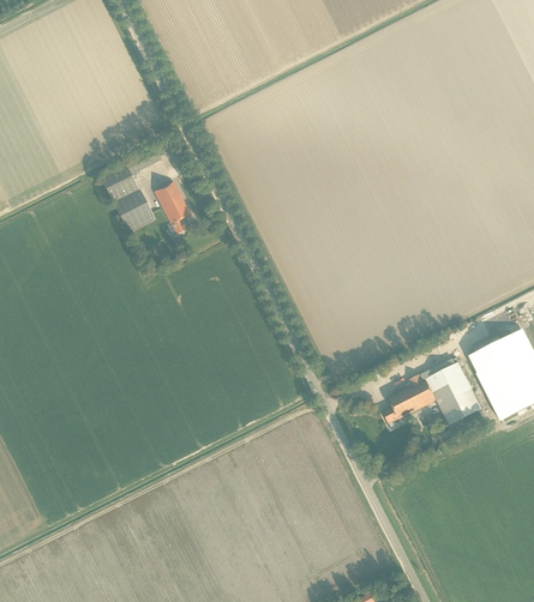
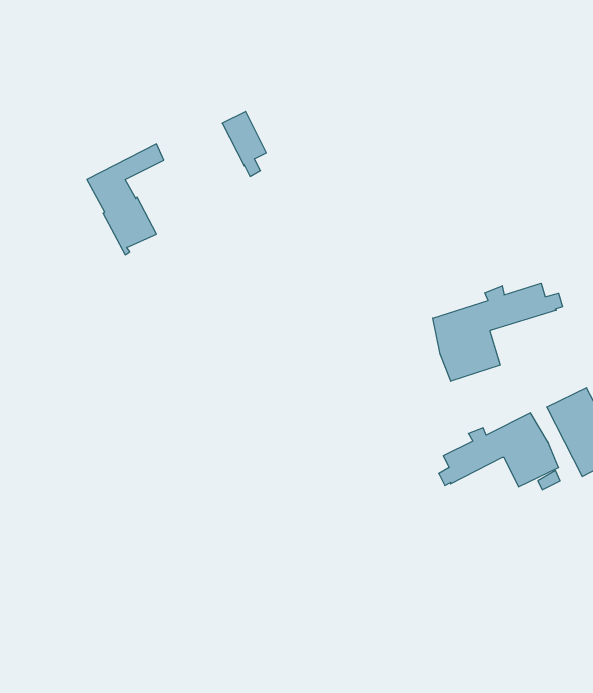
building: [154,181,190,234] -> [222,111,266,176]
building: none -> [433,283,563,381]

